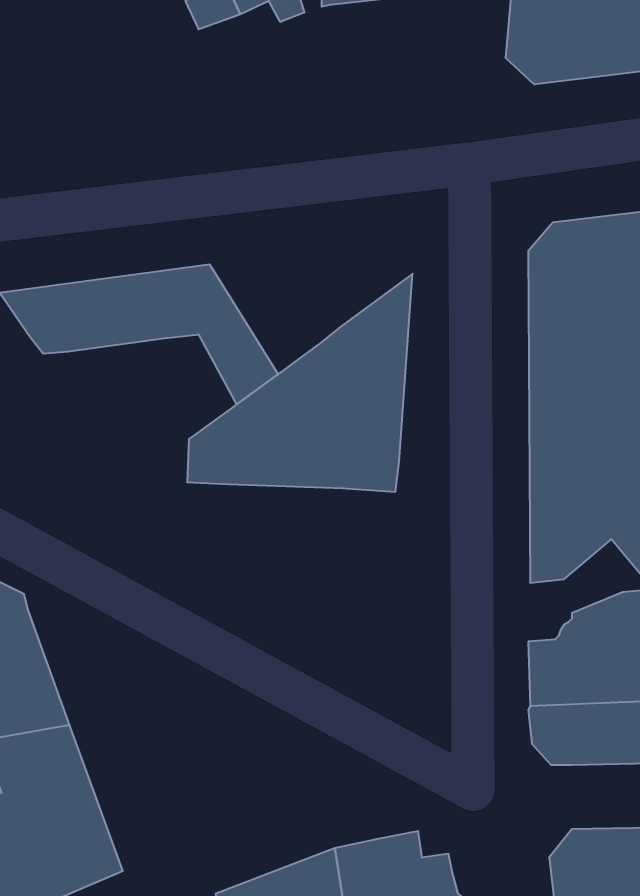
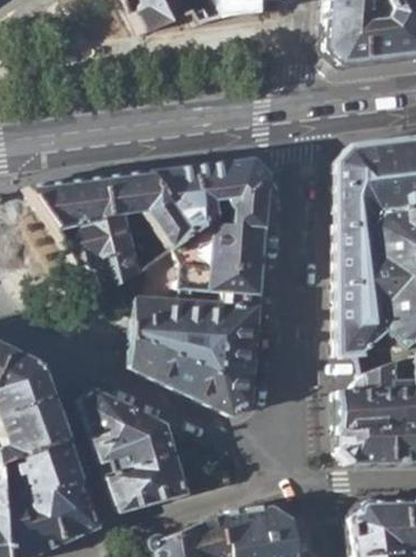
building: none -> [151,159,270,235]
building: none -> [61,214,142,290]
building: none -> [133,298,260,414]
building: none -> [82,389,187,509]

